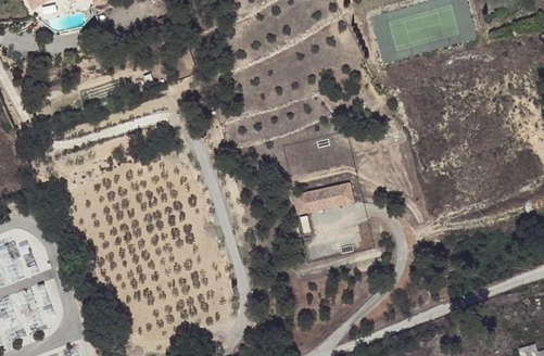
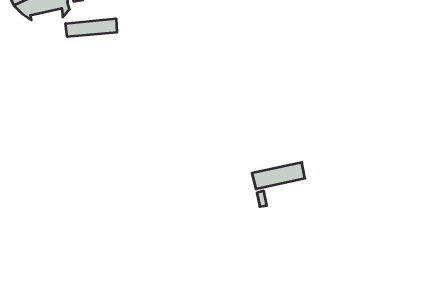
building: none -> [66,19,117,37]

